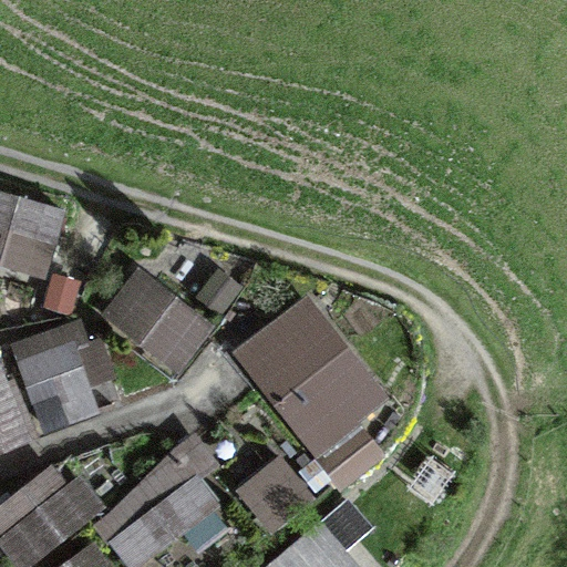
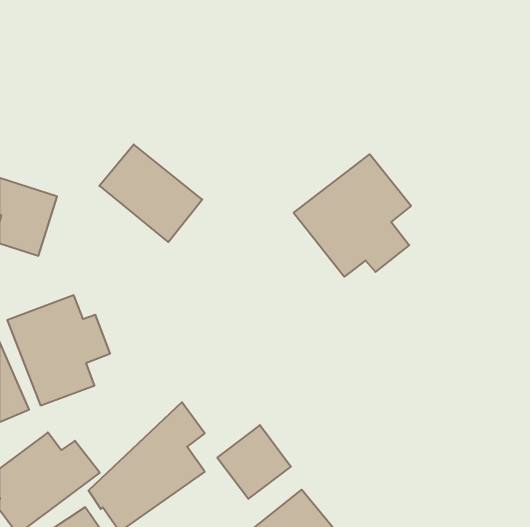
building: none -> [294,154,411,277]
building: [101,271,210,375] -> [99,144,202,242]
building: [233,292,391,456] -> none

